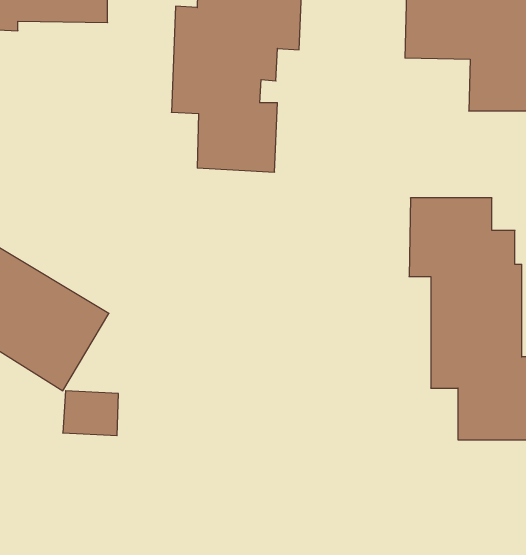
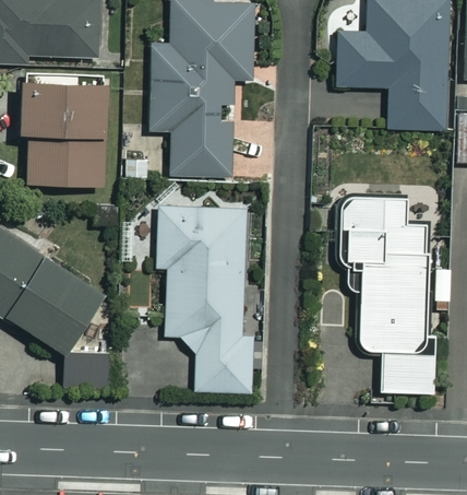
building: none -> [16,83,100,185]
building: none -> [157,207,253,392]

